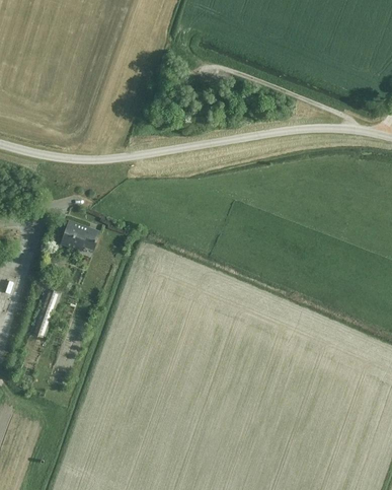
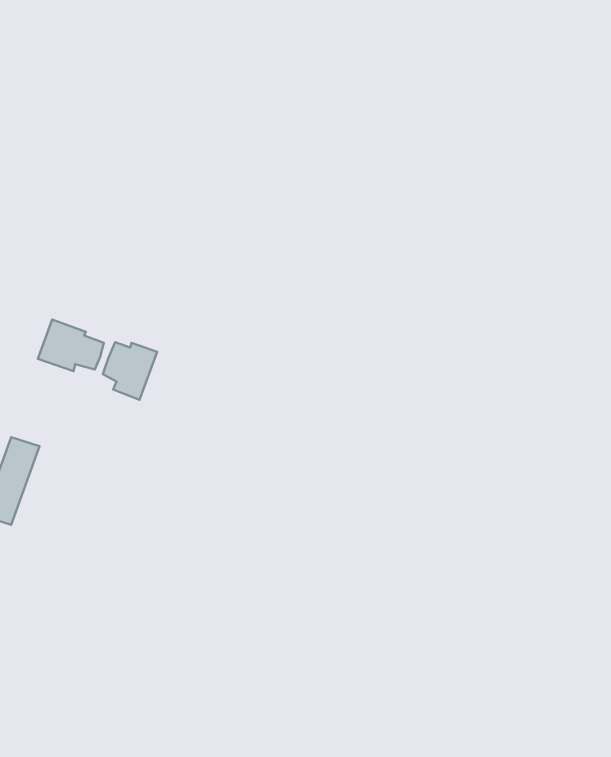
building: none -> [103,342,157,400]

